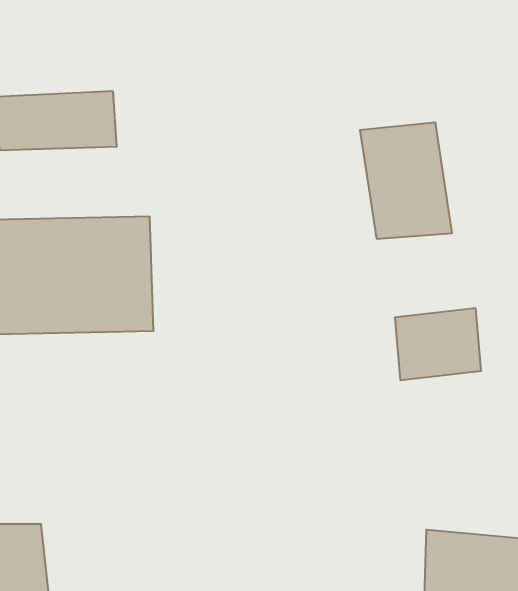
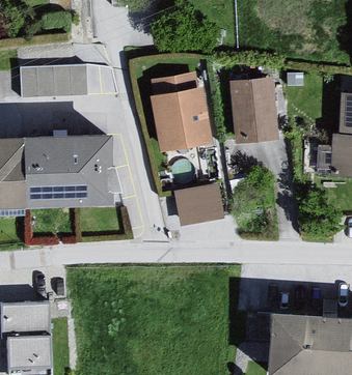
building: none -> [146,75,212,152]
building: [395,308,481,380] -> [179,178,227,219]

